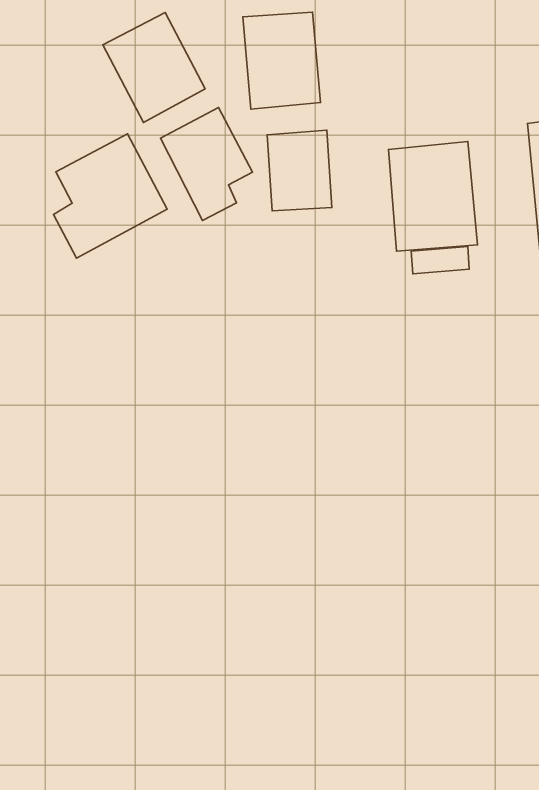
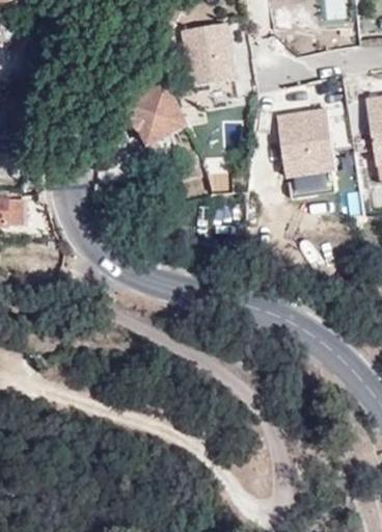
building: [103,13,205,122] -> none
building: [54,134,167,258] -> none

